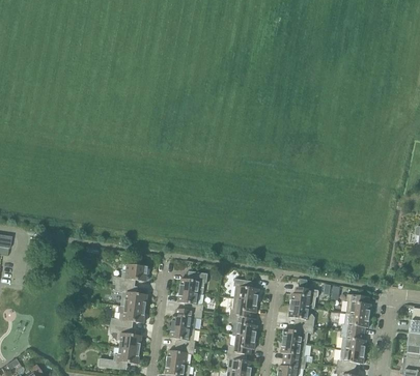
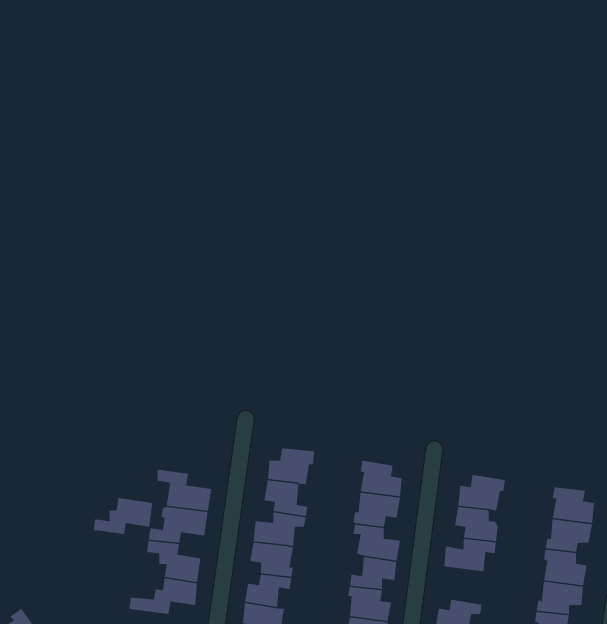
building: [112,264,147,286] -> [93,497,153,535]
building: [280,341,306,363] -> none

